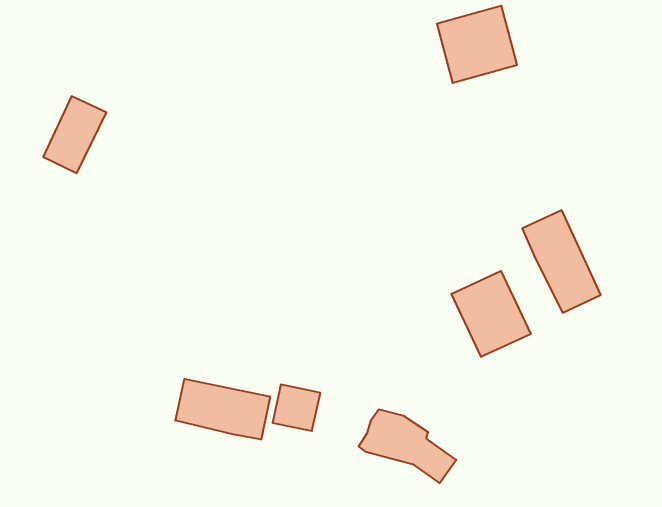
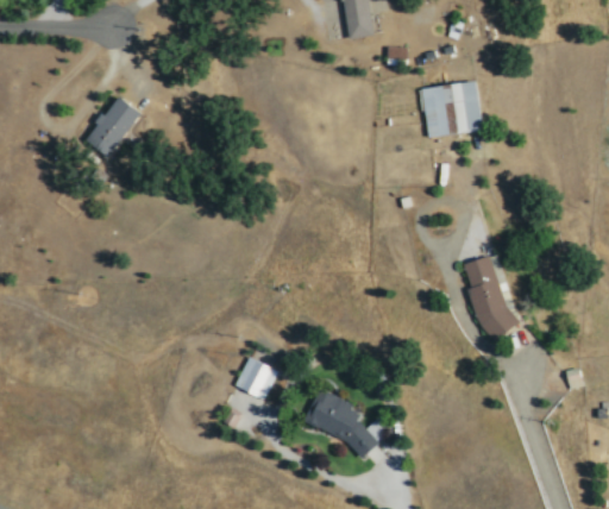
building: [451,271,531,357] -> none
building: [175,379,270,440] -> none

